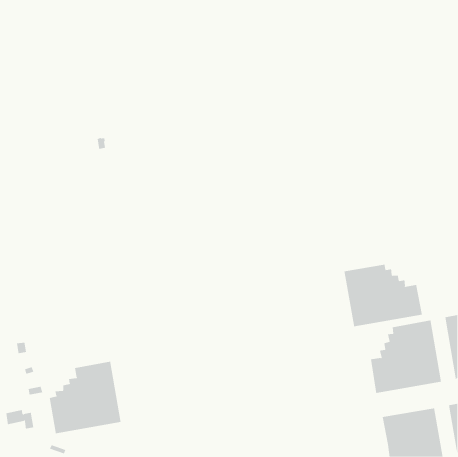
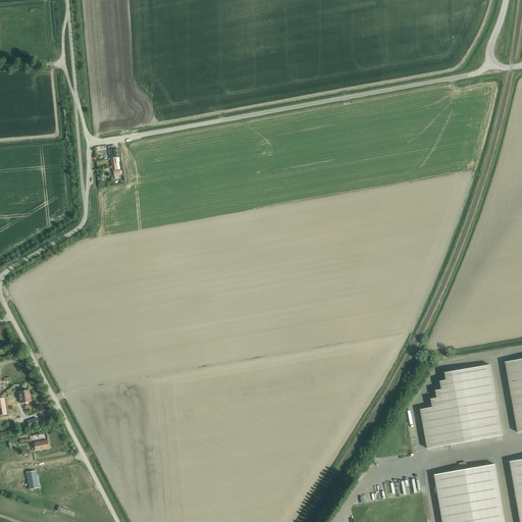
building: [344,264,423,327] -> none
building: [49,361,121,434] -> none

